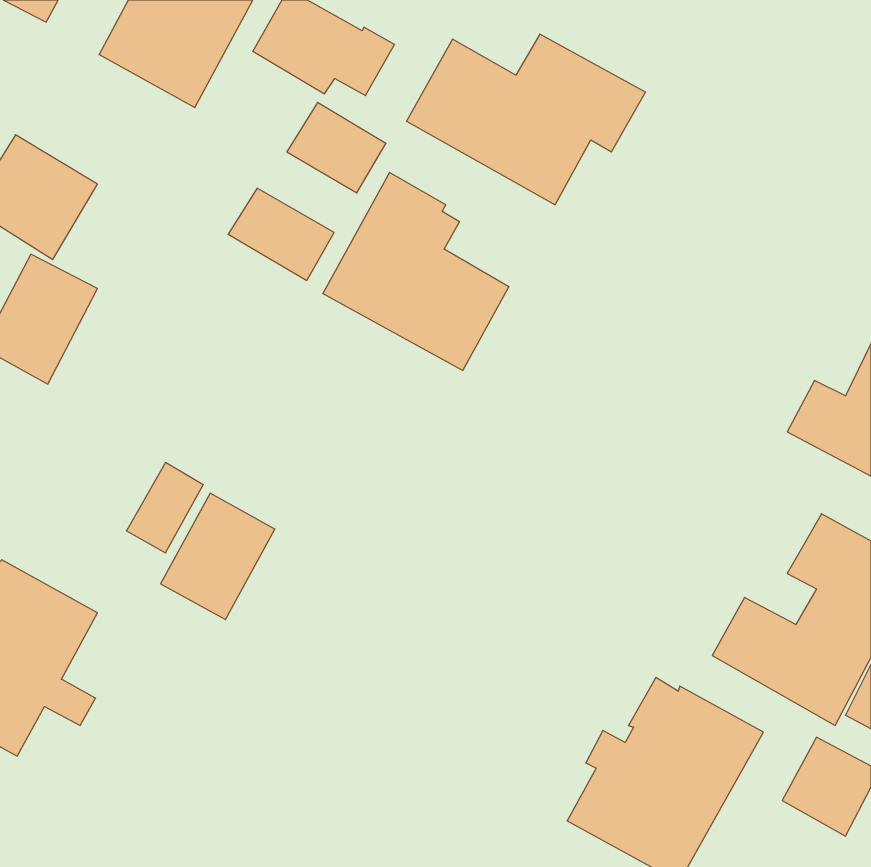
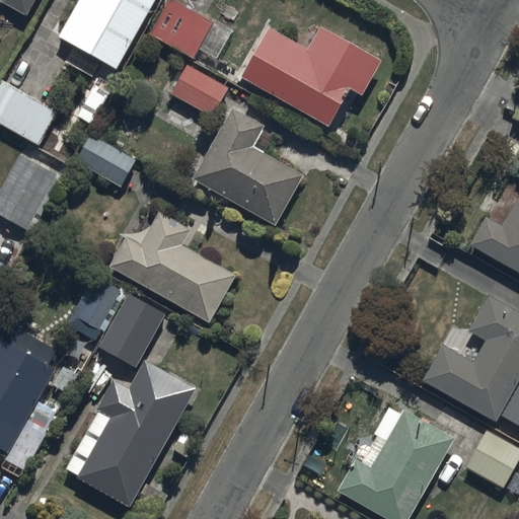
building: [228,188,334,280] -> [74,133,137,188]
building: none -> [105,206,238,323]
building: none -> [65,359,196,507]

